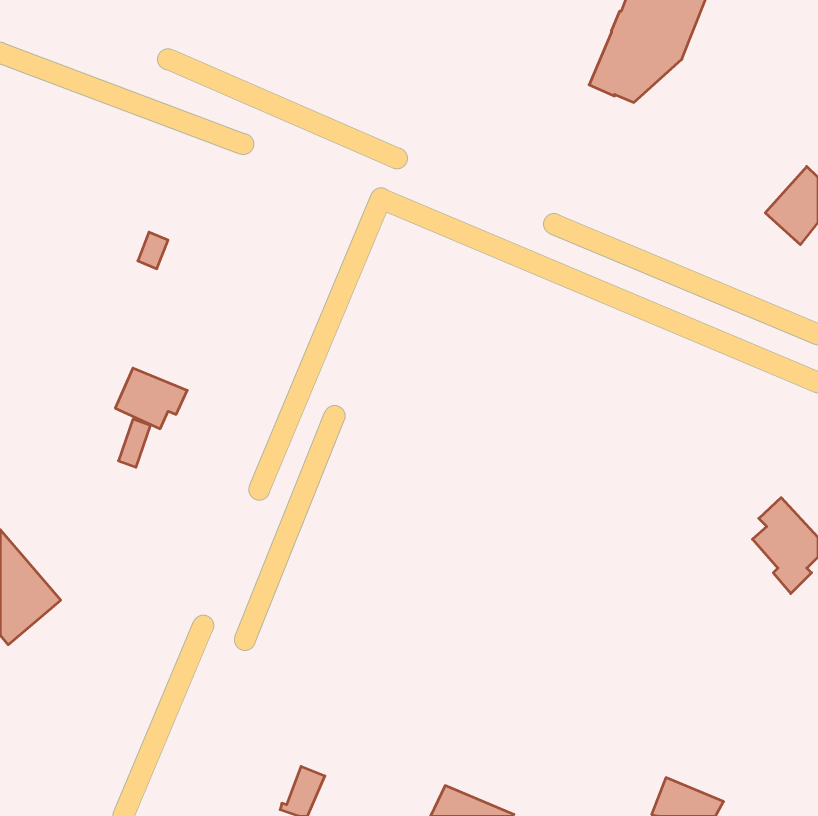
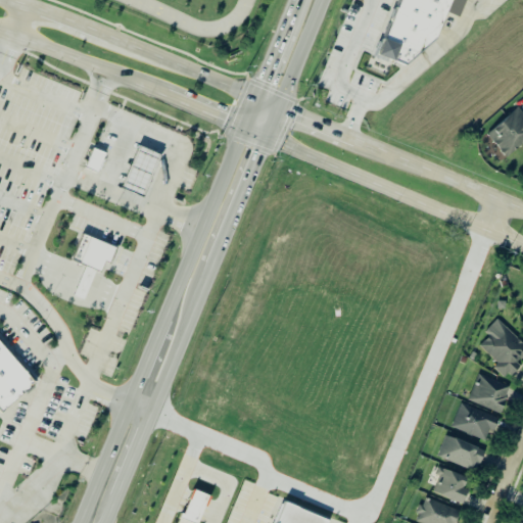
building: none -> [121,145,160,196]
building: none -> [468,372,512,413]
building: none -> [451,402,501,440]
building: none -> [438,434,486,472]
building: none -> [433,467,471,504]

